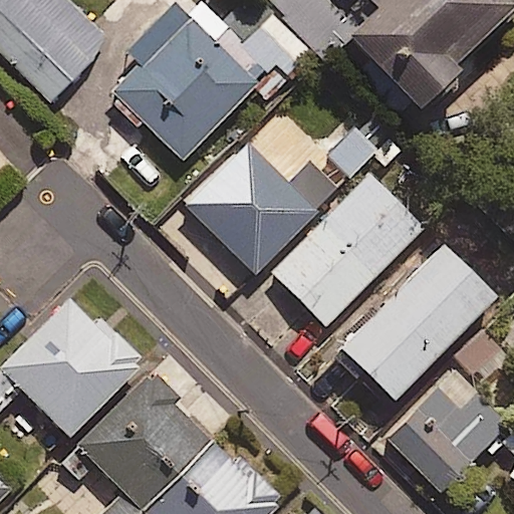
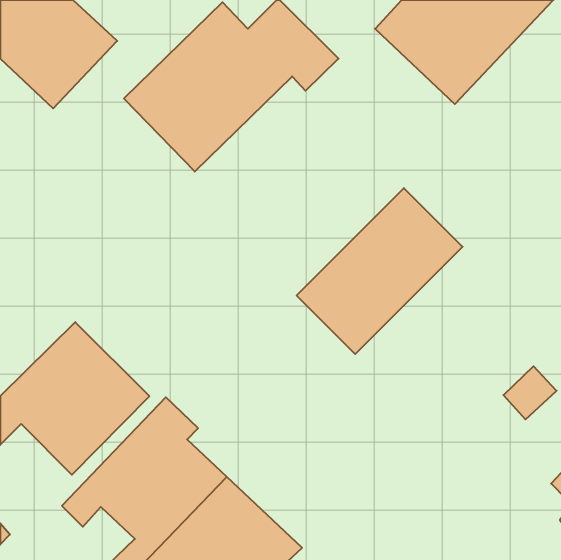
building: [187,146,341,274] -> none
building: [341,241,496,398] -> none
building: [389,372,507,491] -> none

